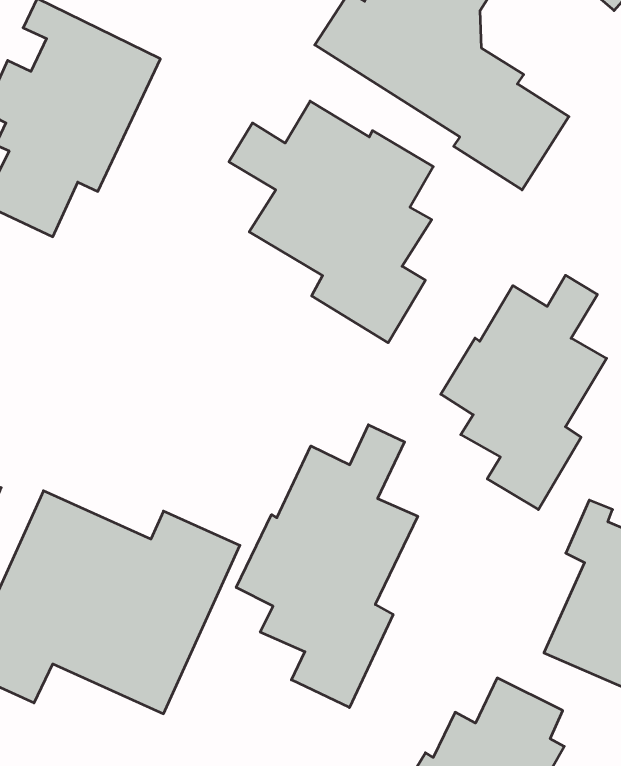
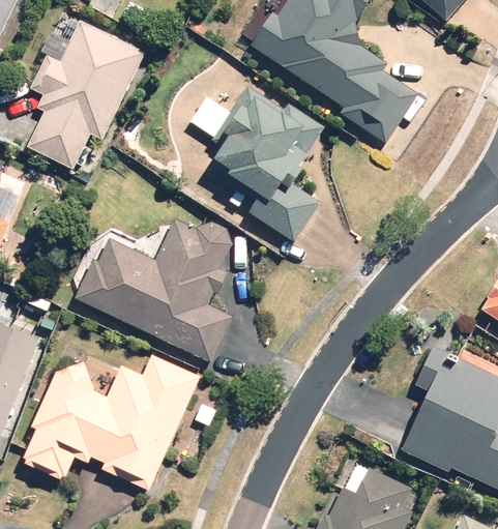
building: [441,275,607,510] -> none
building: none -> [74,217,232,362]
building: [236,425,418,708] -> none

